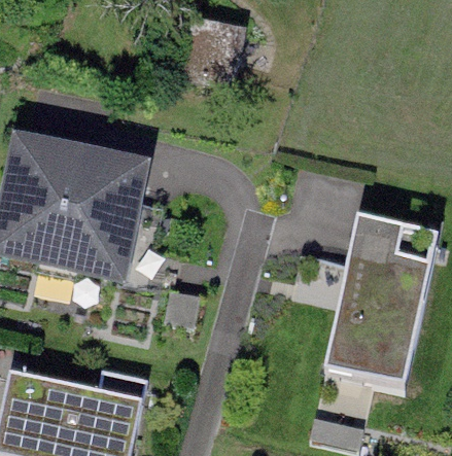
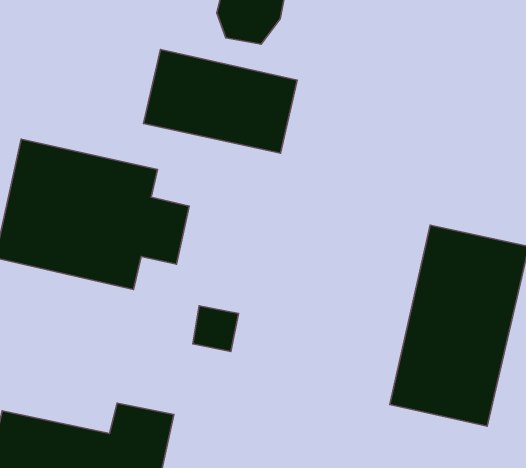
building: none -> [143,49,297,153]

